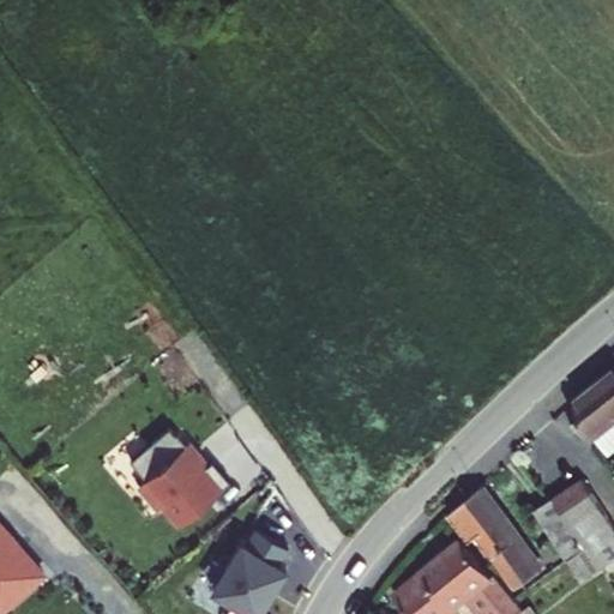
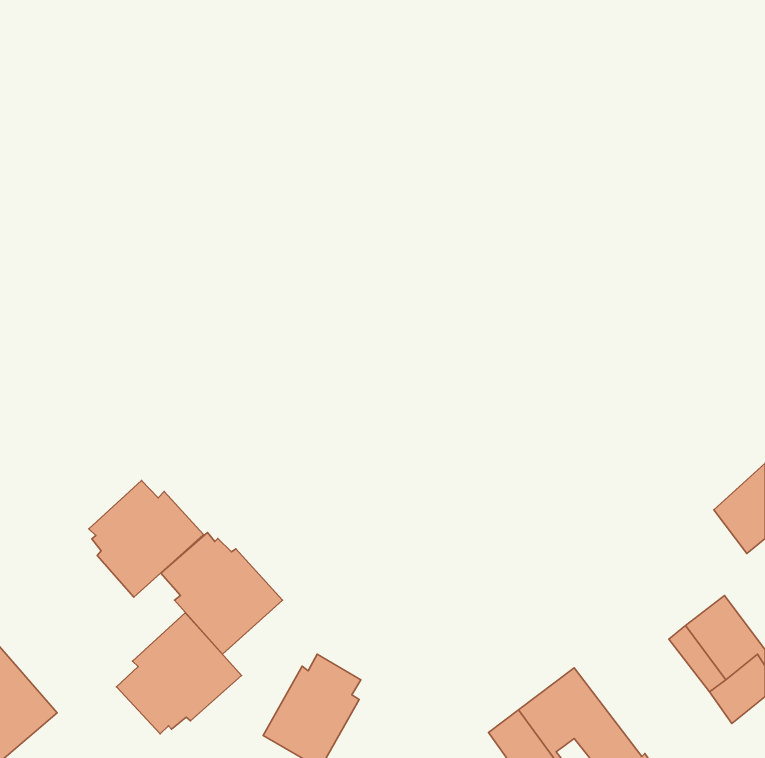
building: none -> [89,480,204,597]
building: [455,492,544,590] -> none
building: none -> [117,613,242,734]

